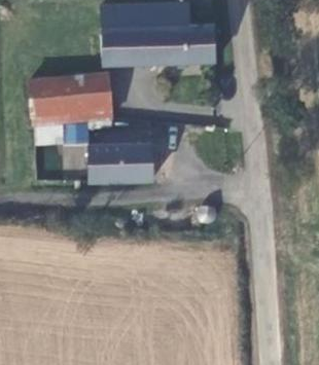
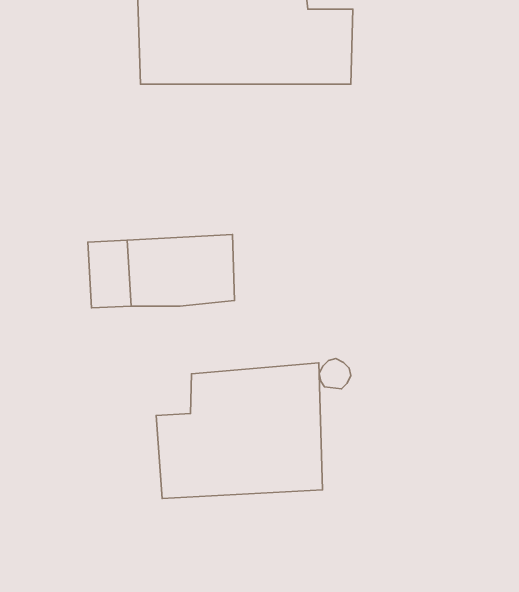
building: [28,76,106,126] -> none
building: none -> [156,363,323,498]

